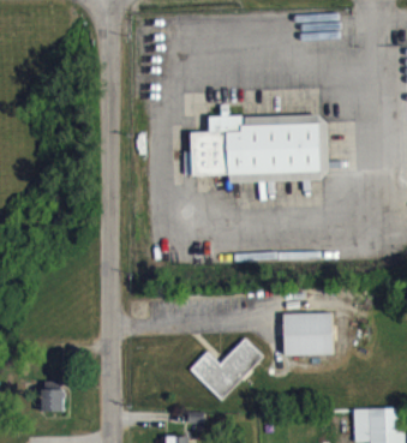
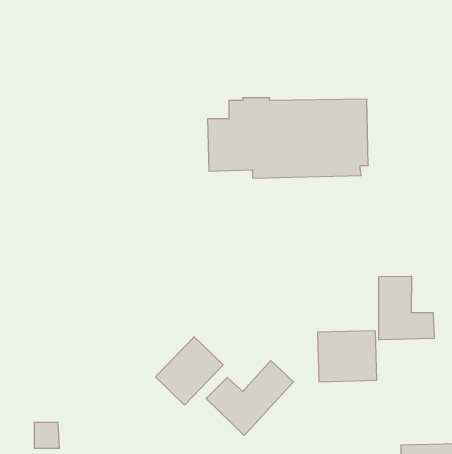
building: none -> [379,276,434,340]
building: none -> [156,337,223,405]

